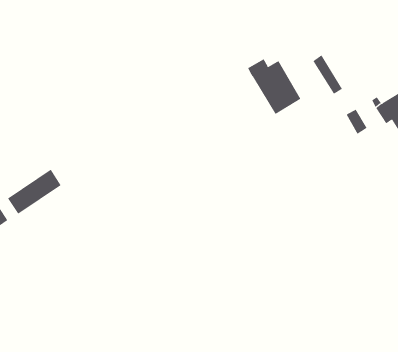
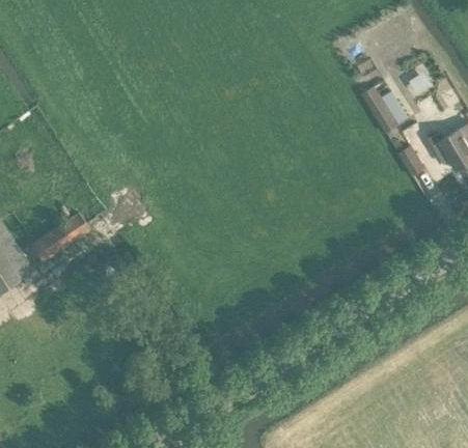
building: [247,59,301,115] -> none

